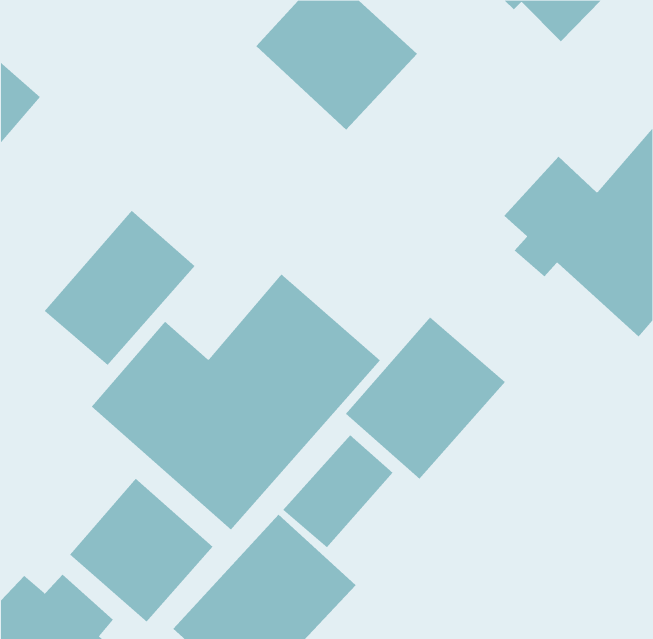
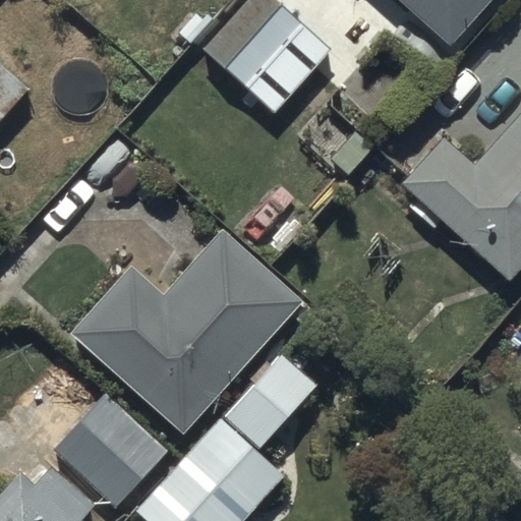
building: [44,210,196,366] -> none
building: [345,317,506,480] -> none

